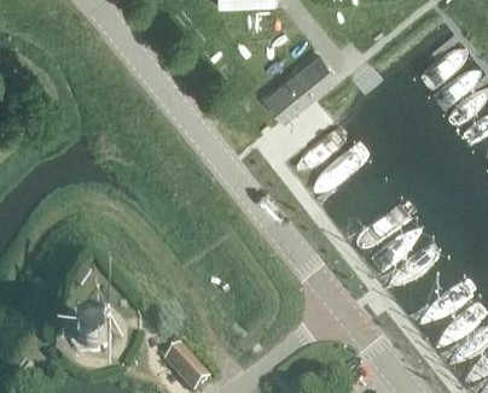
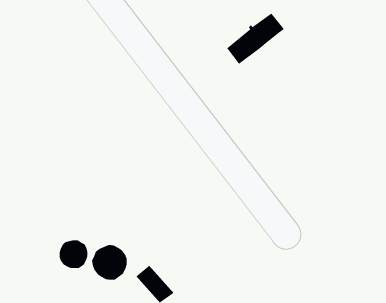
building: none -> [91,244,128,280]

